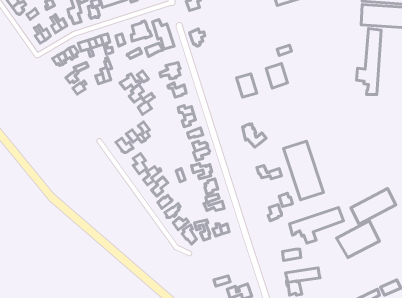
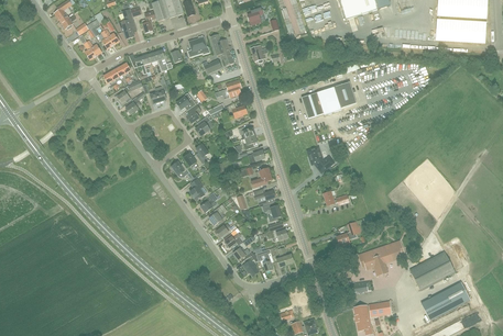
building: [357,29,381,95] -> none
building: [283,141,324,200] -> none
building: [351,189,396,224] -> [422,281,470,320]

